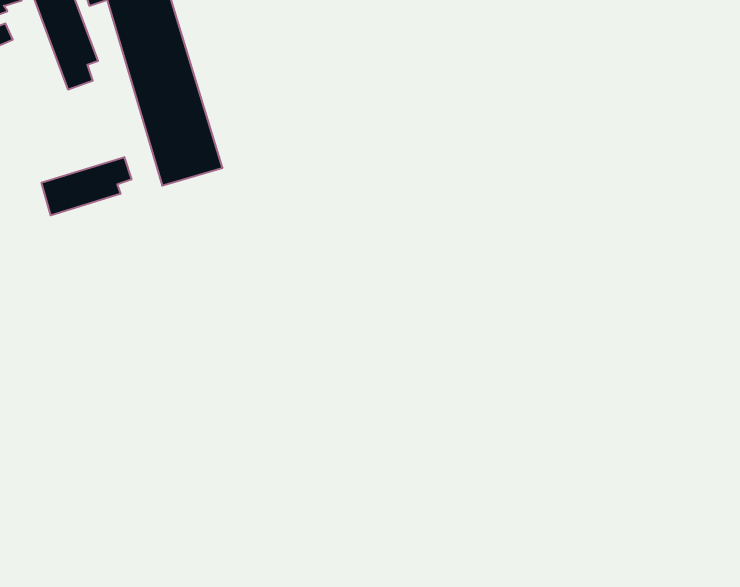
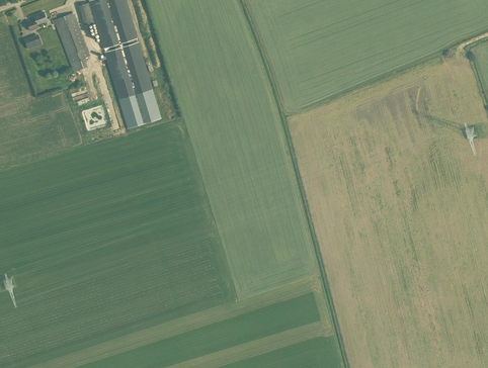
building: [42,157,131,215] -> none

